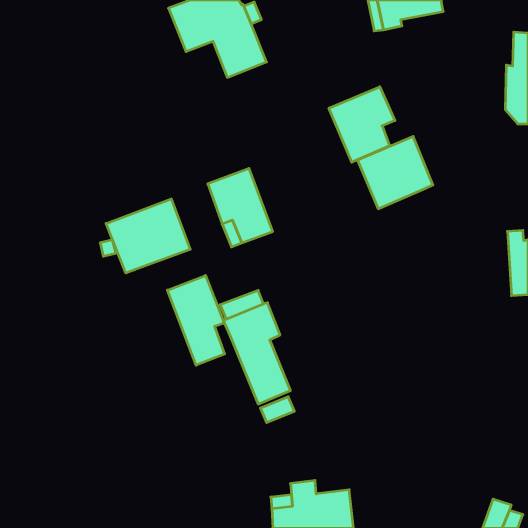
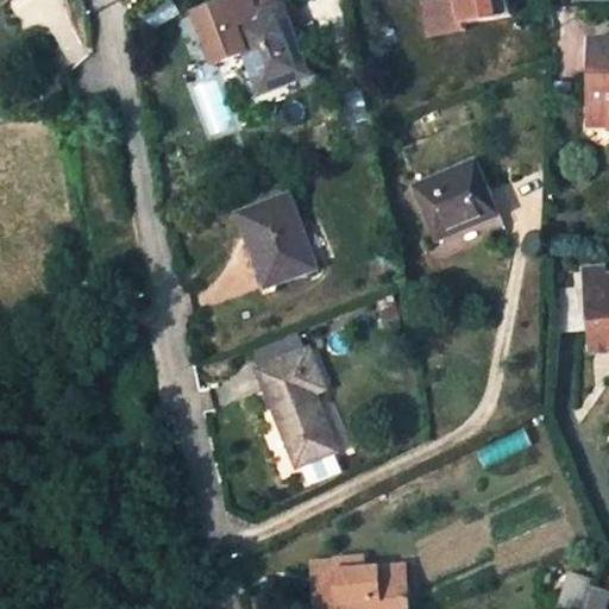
building: [329,87,395,162] -> none
building: [106,199,190,273] -> none
building: [167,275,225,365] -> none

